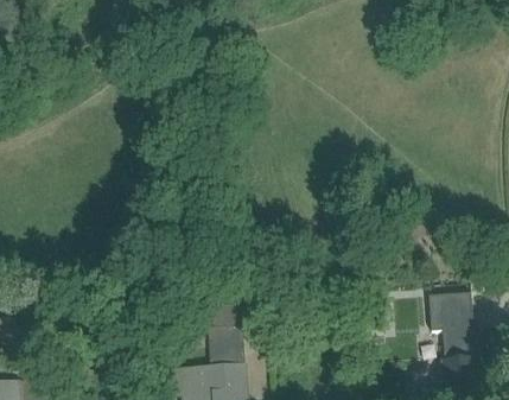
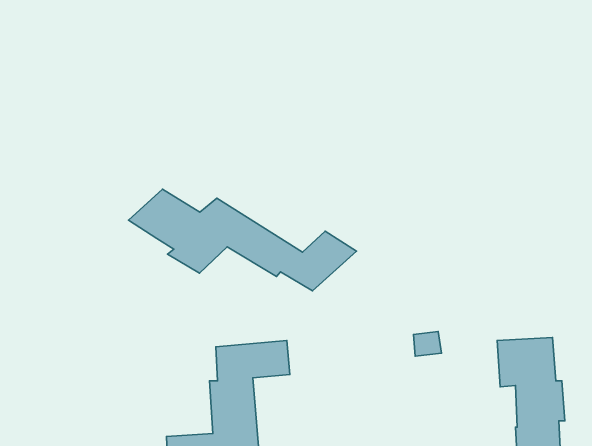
building: none -> [128,189,356,291]

